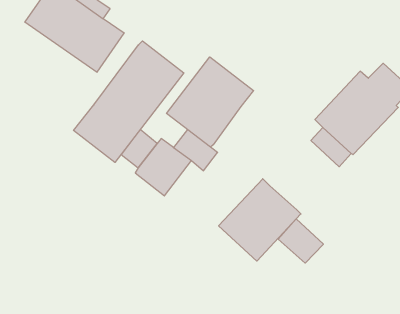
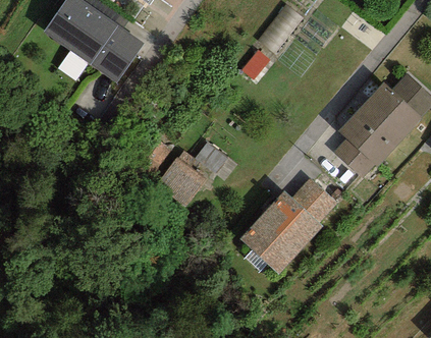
building: [74,41,184,162] -> none
building: [167,57,254,147] -> none
building: [278,219,323,263] -> [291,177,337,222]

